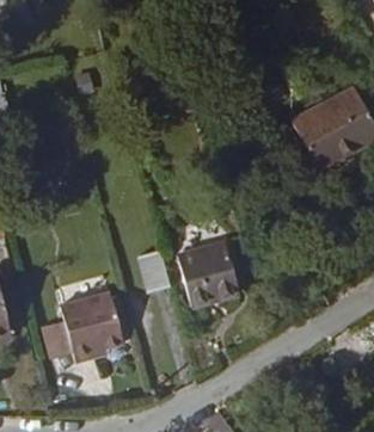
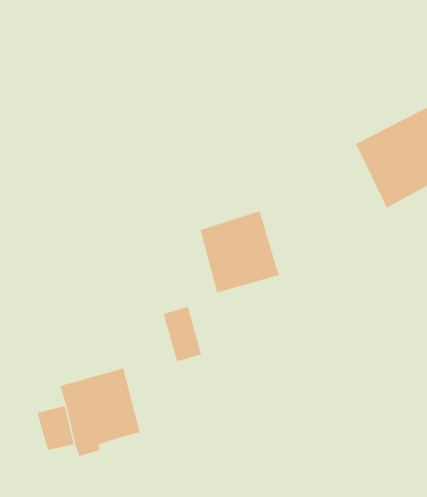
building: [177,236,240,302] -> [200,210,280,293]

